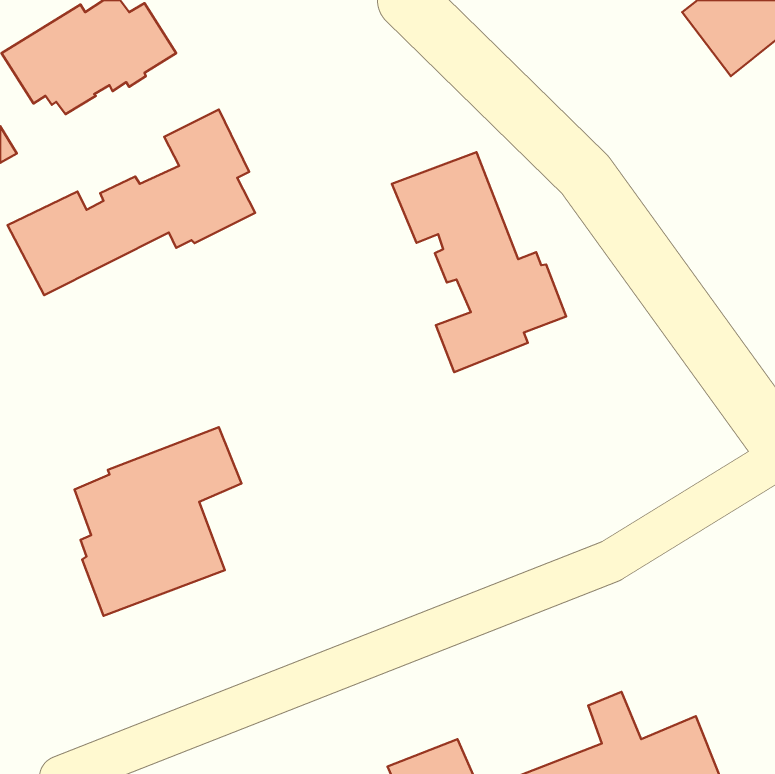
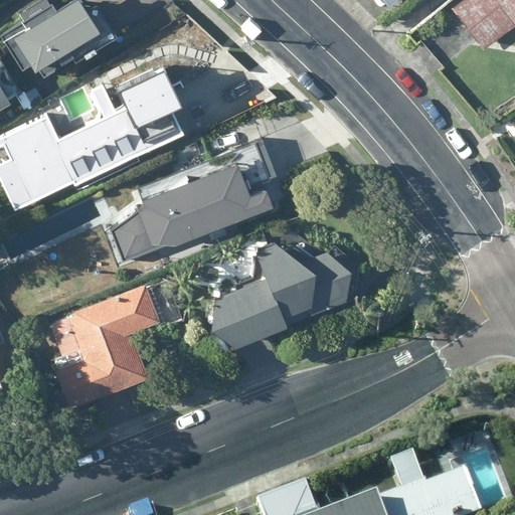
building: [392,152,566,372] -> none
building: none -> [114,140,278,264]
building: none -> [209,242,352,347]

